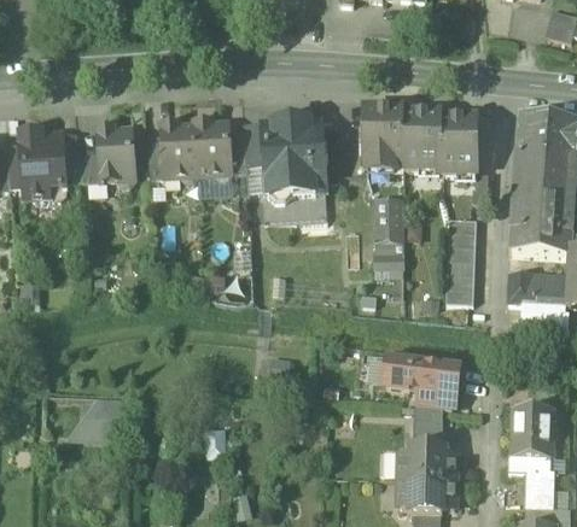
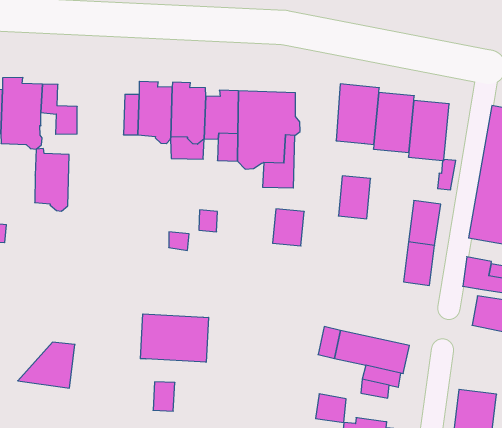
building: [98,125,135,187] -> [35,149,69,211]
building: [374,239,403,274] -> [273,209,304,246]
building: none -> [140,314,209,362]
building: [413,416,442,443] -> [316,394,346,422]

